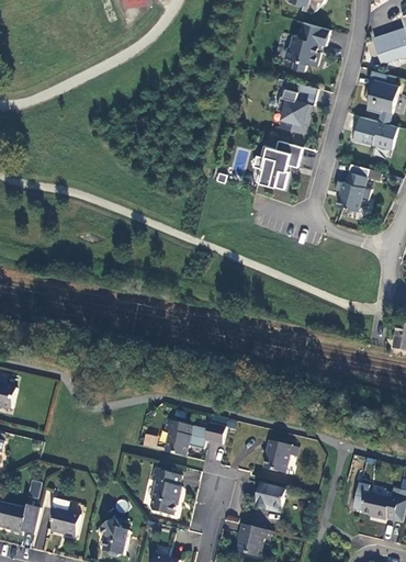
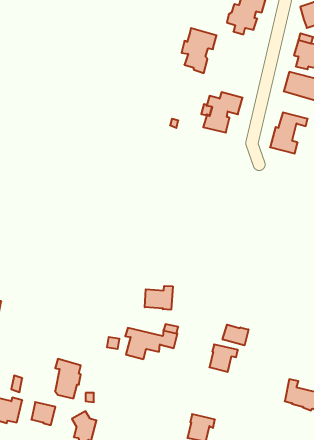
building: [277,78,318,132] -> [182,28,217,73]
building: none -> [145,286,173,310]
building: none -> [223,325,248,345]
building: [150,469,181,516] -> [55,359,81,398]
building: [255,482,285,508] -> none

